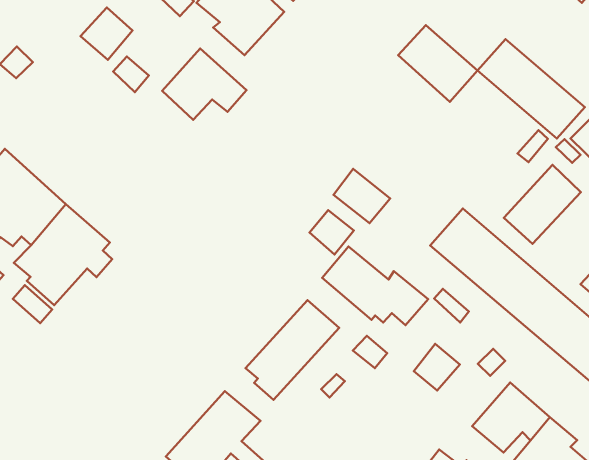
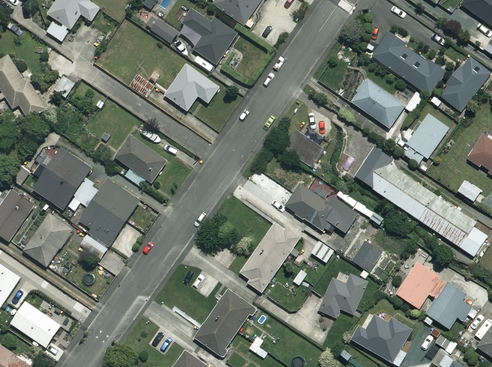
building: [80,7,133,60] -> none
building: [398,25,478,102] -> [350,79,404,128]
building: none -> [115,135,166,187]
building: [310,210,354,255] -> none
building: none -> [317,269,365,318]

